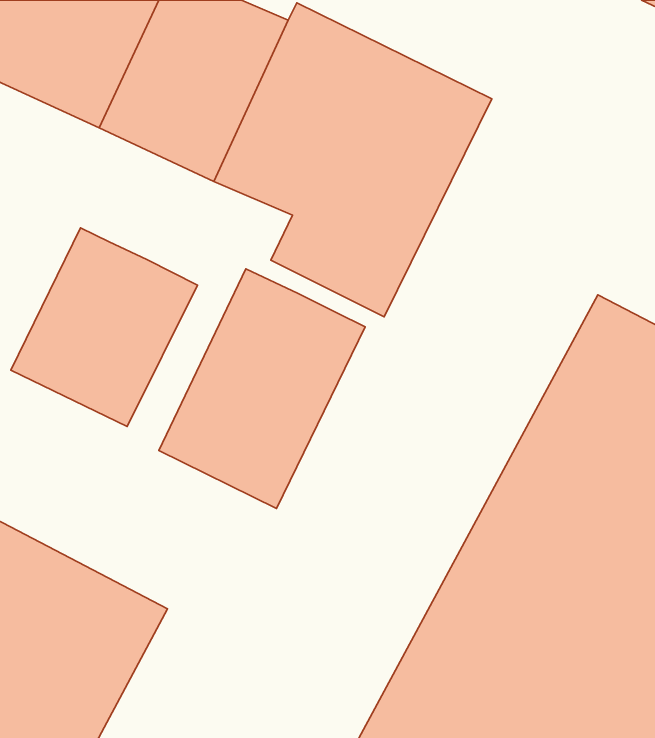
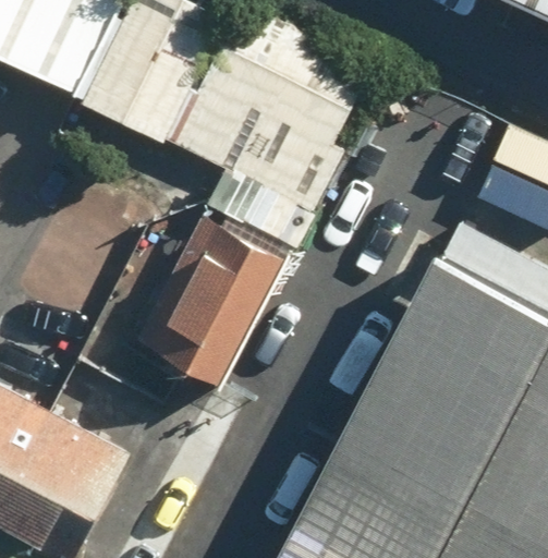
building: [11,228,198,426] -> none

